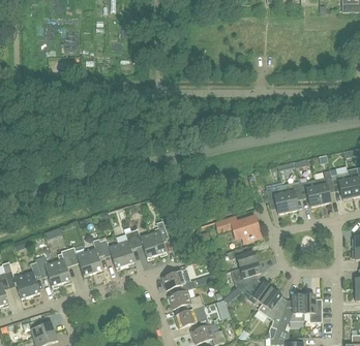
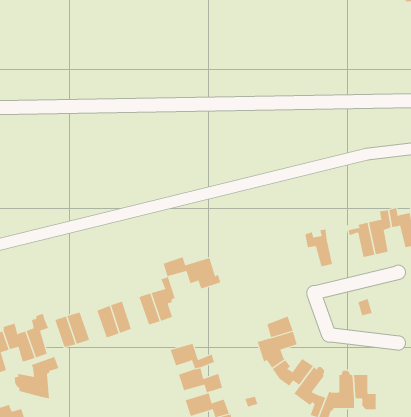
building: [283,181,302,211] -> none
building: [216,216,261,241] -> [163,257,221,289]
building: none -> [14,356,59,399]

